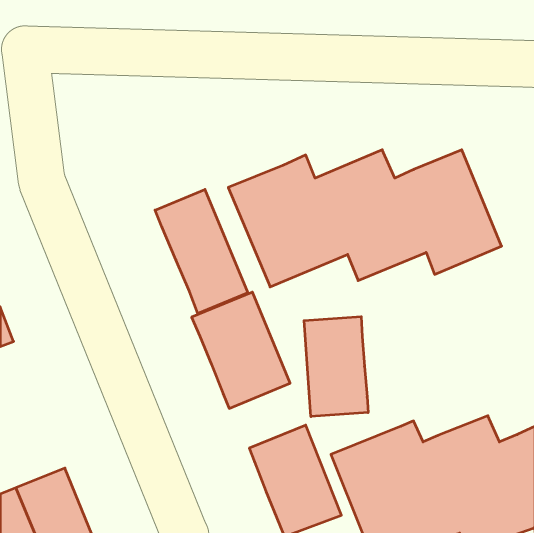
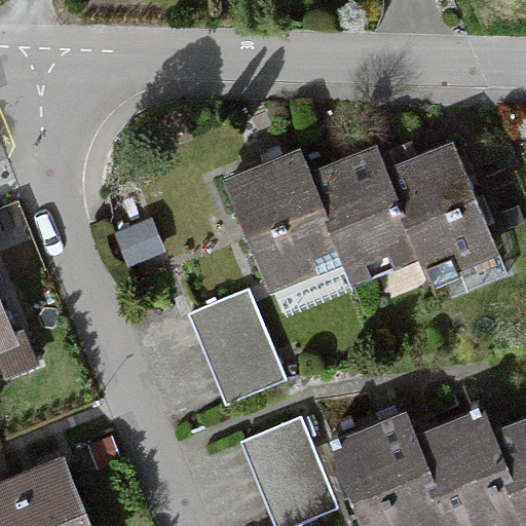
building: [155,189,248,313] -> none
building: [304,317,368,417] -> none

